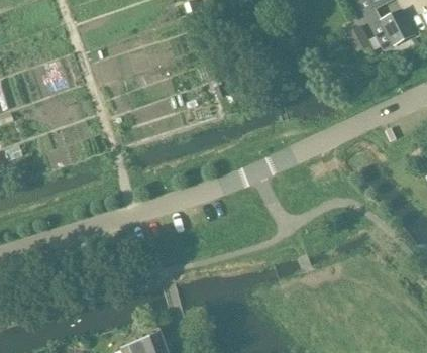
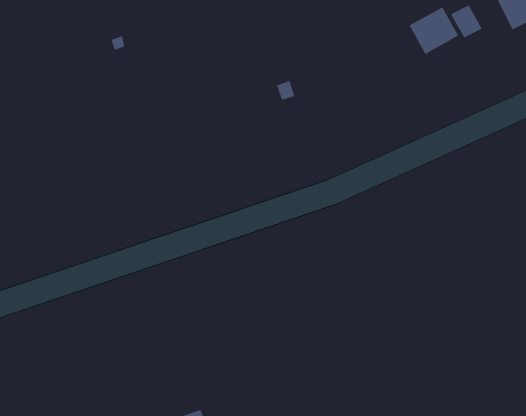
building: none -> [409,7,459,55]

